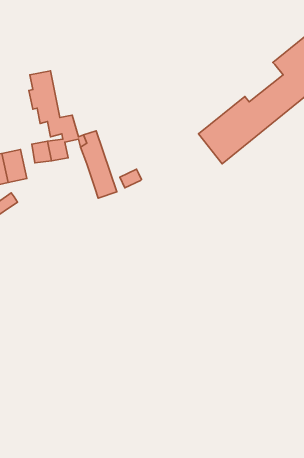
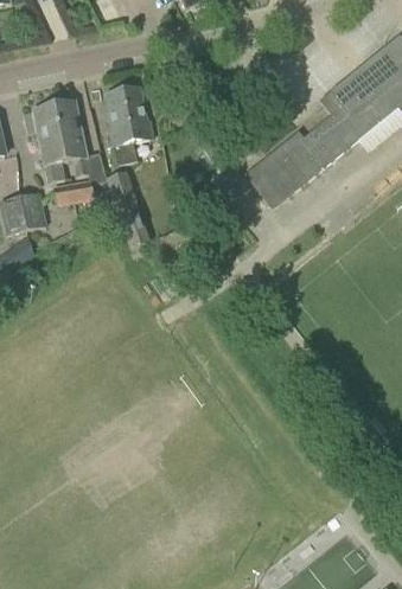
building: none -> [103,87,152,162]
building: none -> [24,104,65,180]

